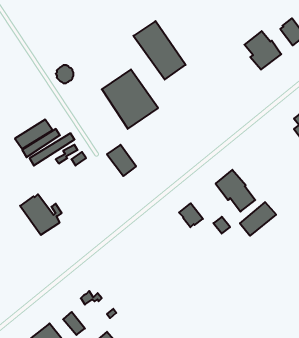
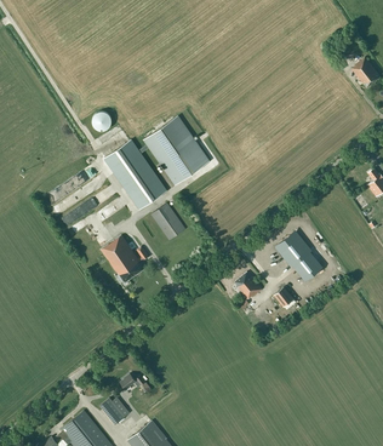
building: [133,21,186,80] -> [104,139,165,207]
building: [244,31,281,70] -> none
building: [20,194,62,235] -> [99,234,148,281]
building: [240,202,276,236] -> none

